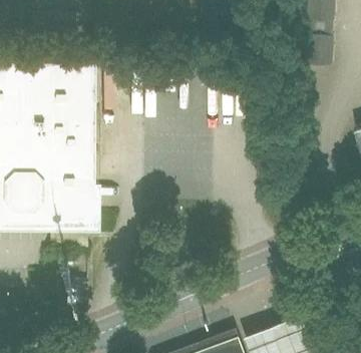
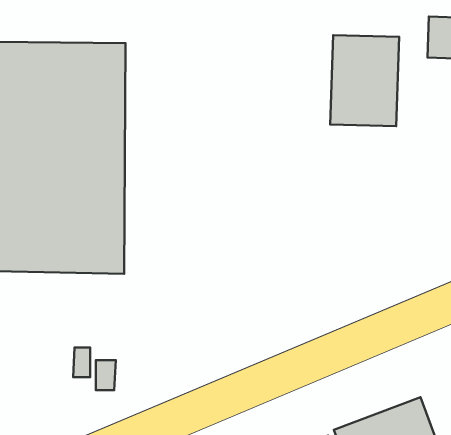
building: none -> [330,35,399,126]

